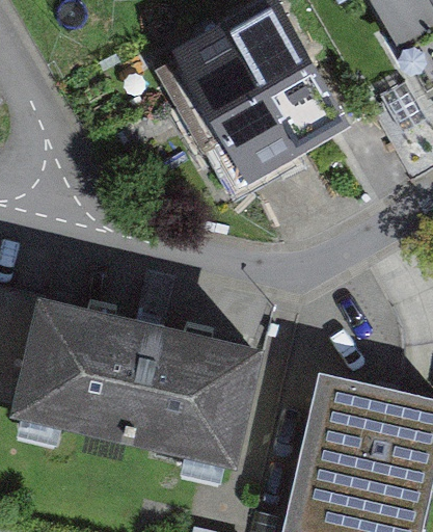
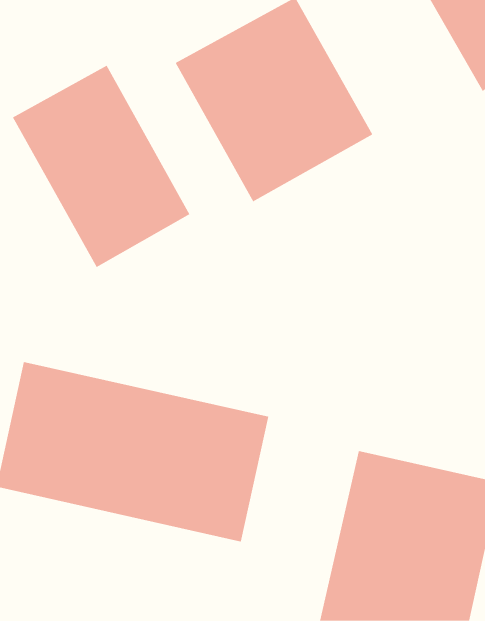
building: none -> [12,65,190,268]

